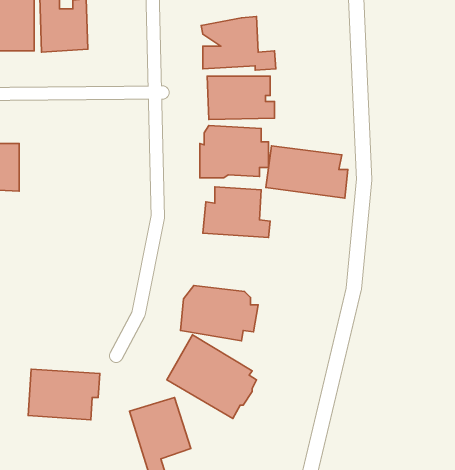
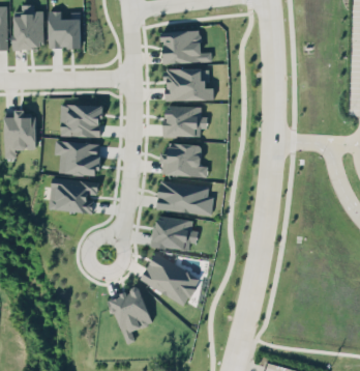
building: none -> [61,106,102,139]
building: [266,146,348,198] -> [157,181,214,218]
building: none -> [55,142,100,177]
building: [28,369,100,420] -> [50,179,99,215]

